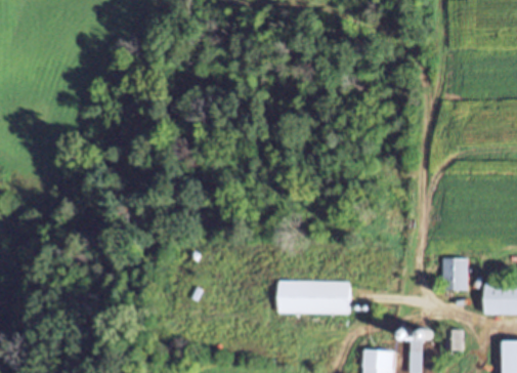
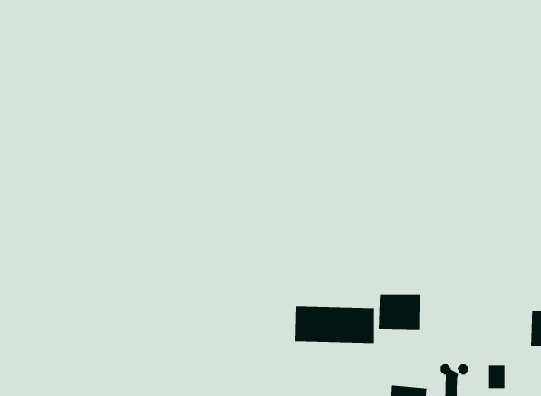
building: [442,257,468,290] -> none
building: none -> [378,294,421,331]

